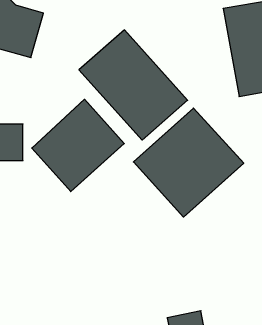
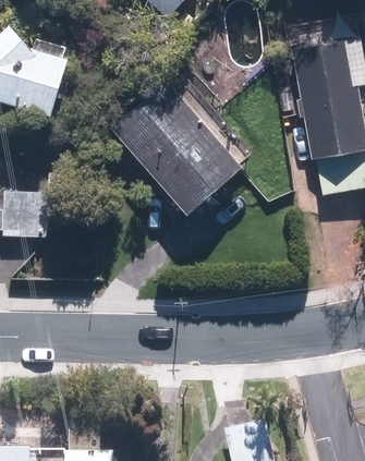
building: [32,99,124,192] -> none
building: [133,108,244,217] -> none

